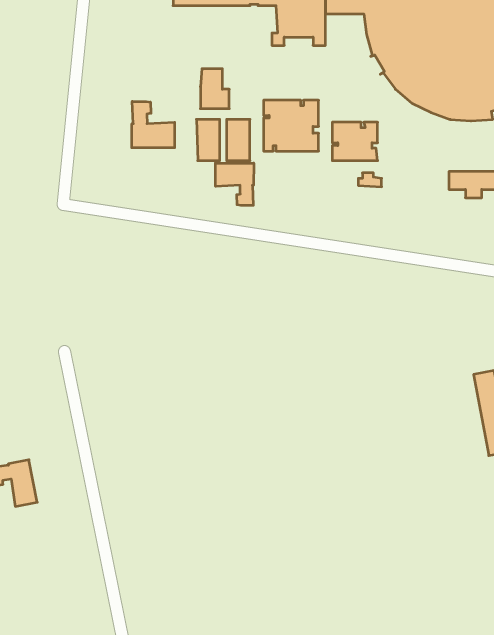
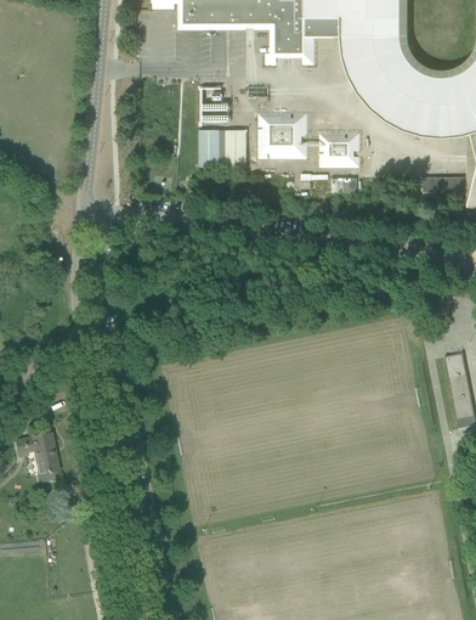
building: [132,101,175,148] -> none
building: [215,163,254,205] -> none

